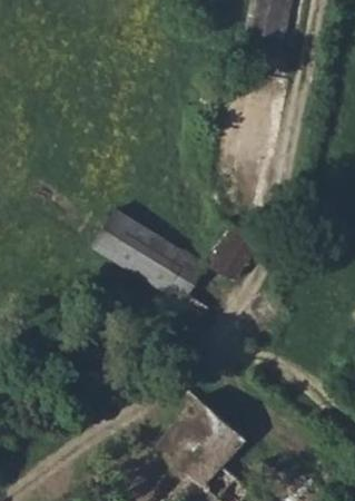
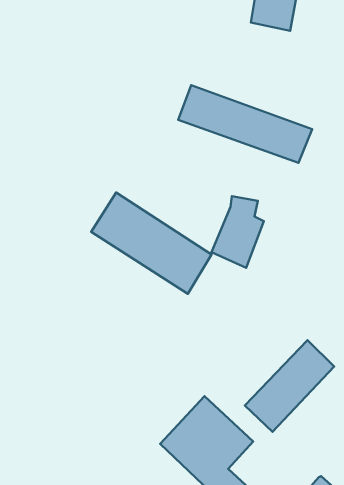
building: none -> [178,85,312,163]
building: none -> [245,340,334,432]

